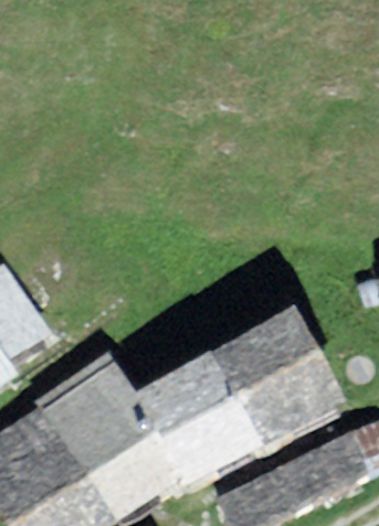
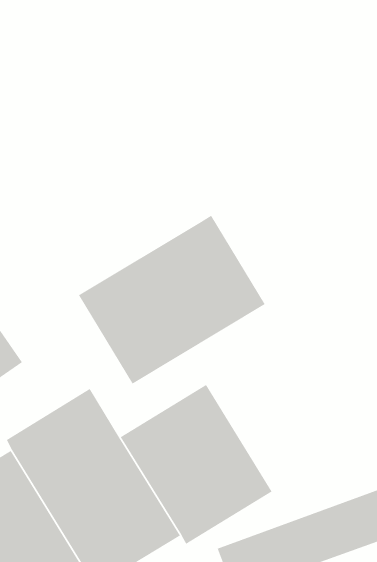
building: none -> [78,215,266,385]
building: [209,303,346,443] -> none

